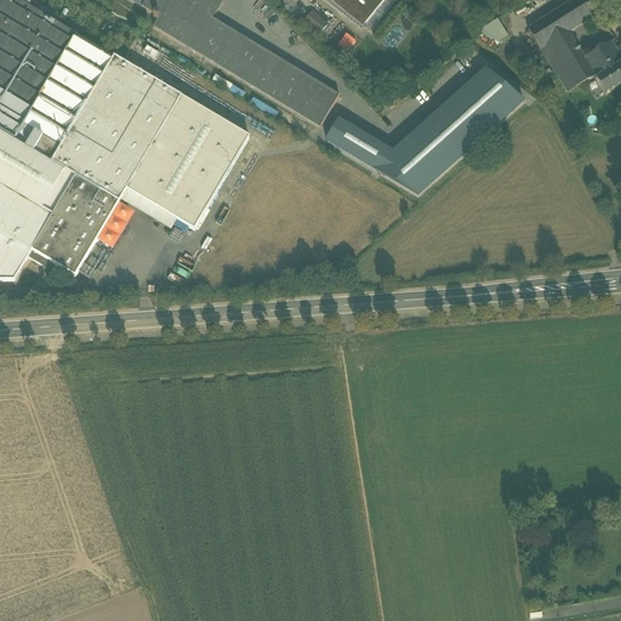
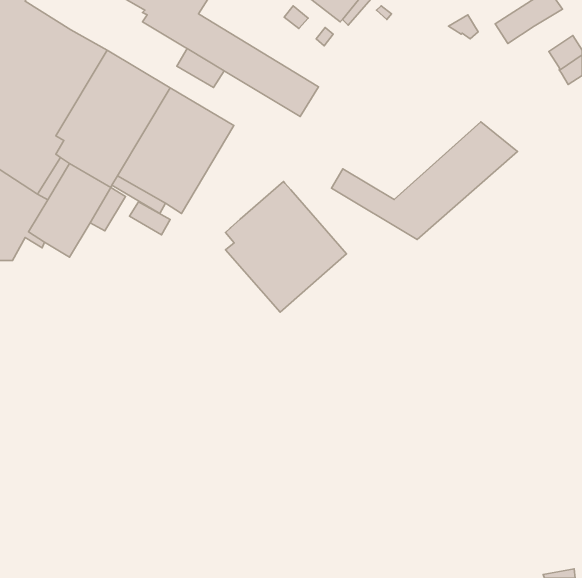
building: [540,28,594,89] -> none
building: none -> [177,48,224,87]
building: [325,67,523,192] -> [331,122,517,240]
building: none -> [226,182,347,312]
building: none -> [129,202,170,235]

